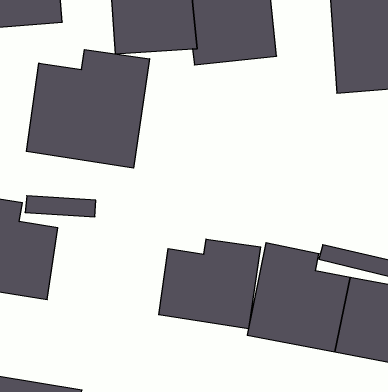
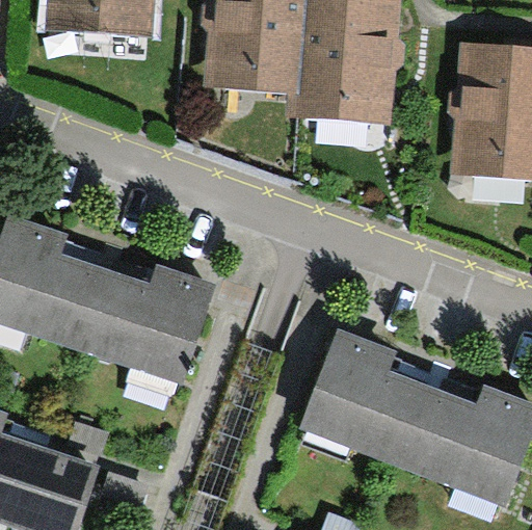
building: [26,50,150,168] -> none
building: none -> [78,266,216,386]
building: [159,239,261,329] -> none

